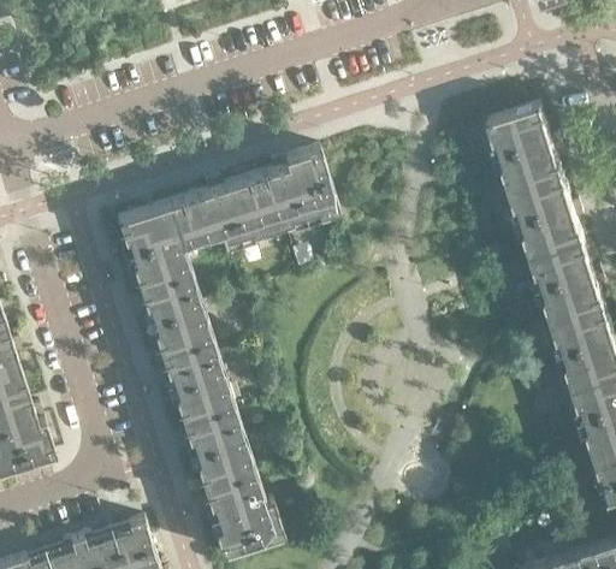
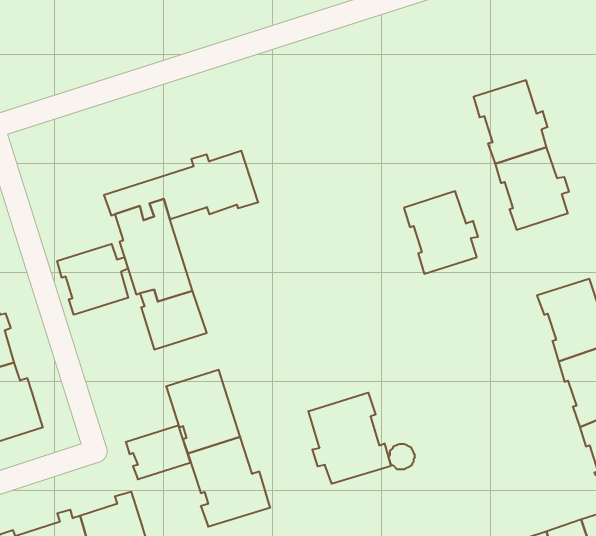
building: [254,149,338,230] -> none
building: [531,241,605,324] -> [404,191,478,274]
building: none -> [57,244,128,315]
building: [166,361,231,415] -> [126,425,190,479]
building: none -> [308,393,391,484]

